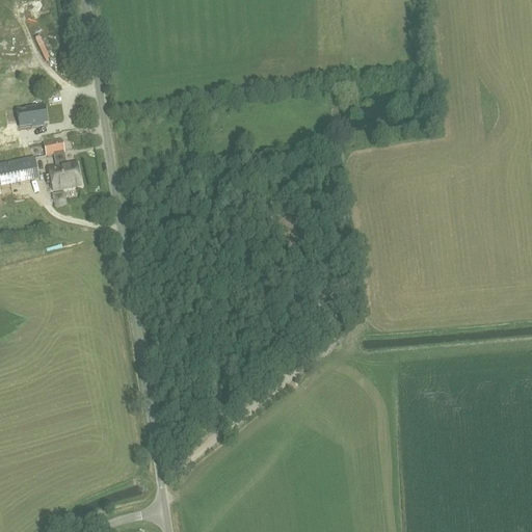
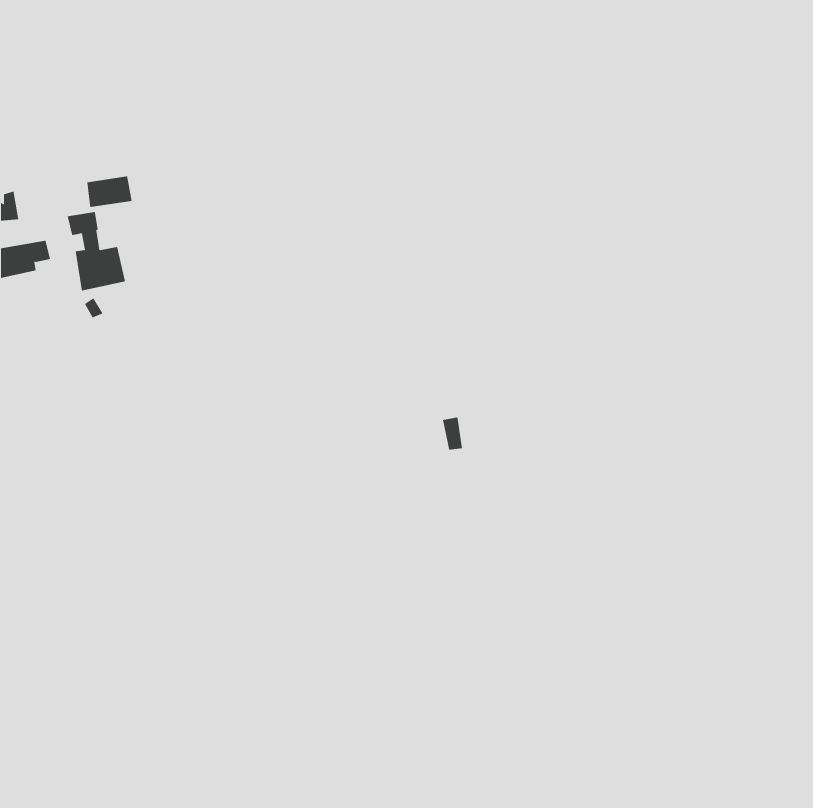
building: [18,105,48,126] -> [86,176,133,208]

